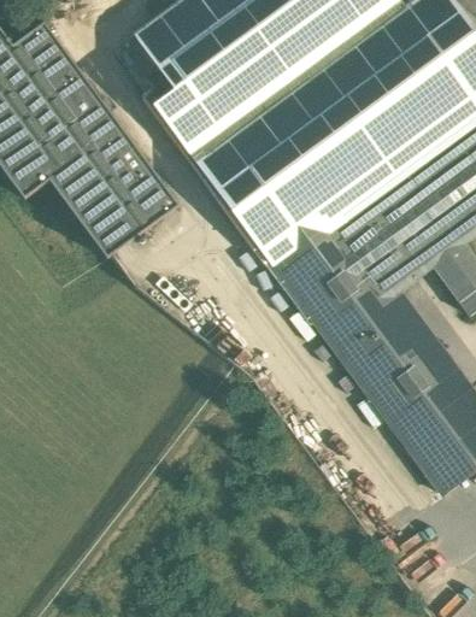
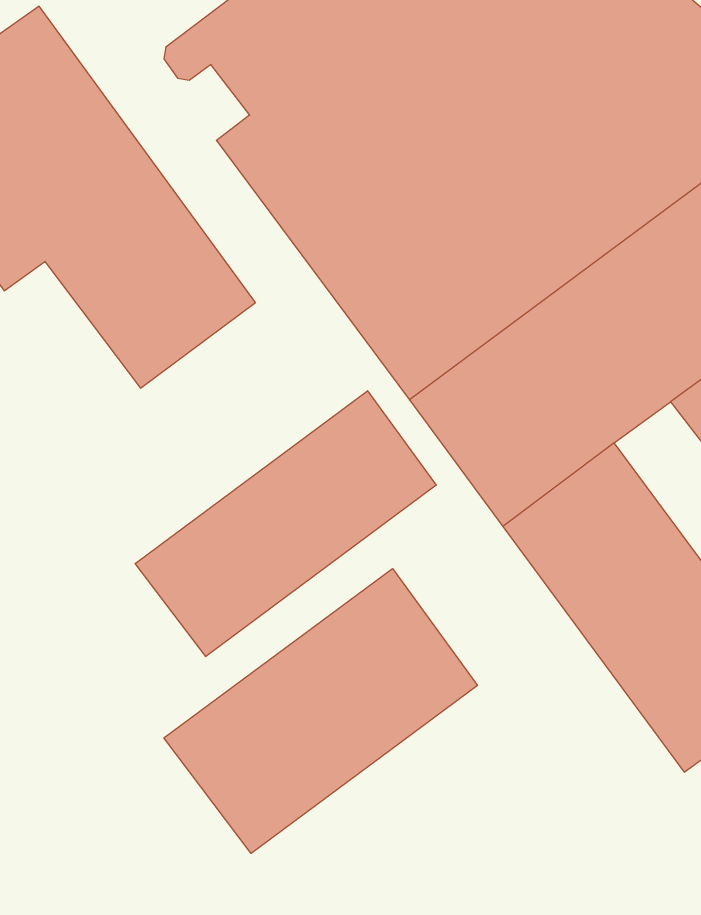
building: none -> [135,391,436,657]
building: none -> [164,569,477,853]

